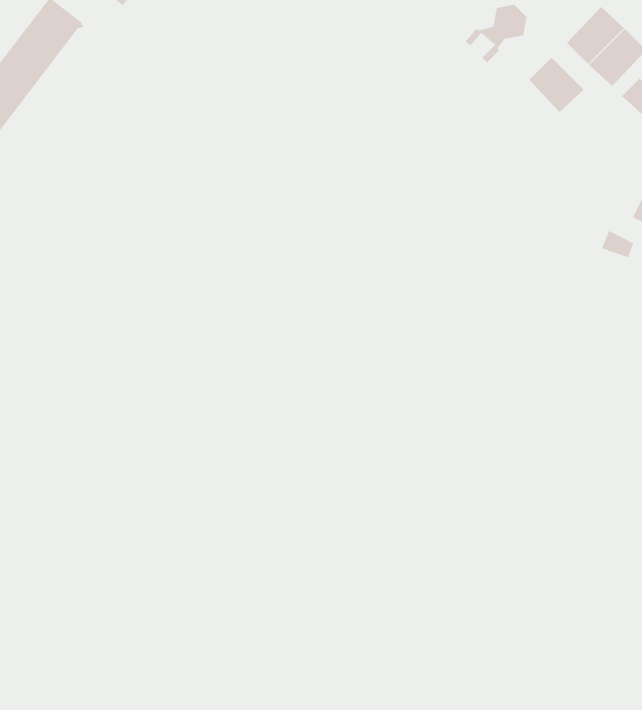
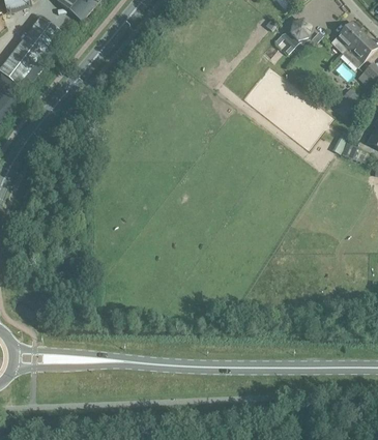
building: [528,57,584,113] -> none

